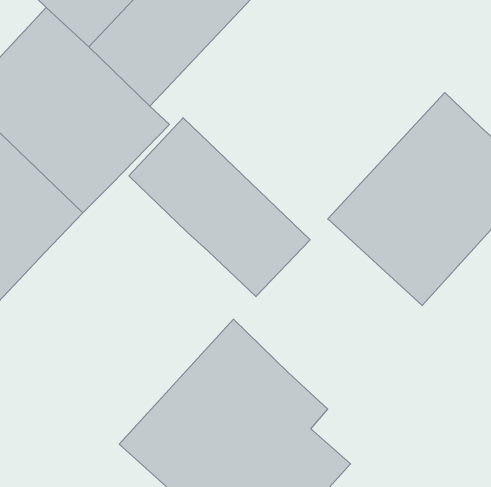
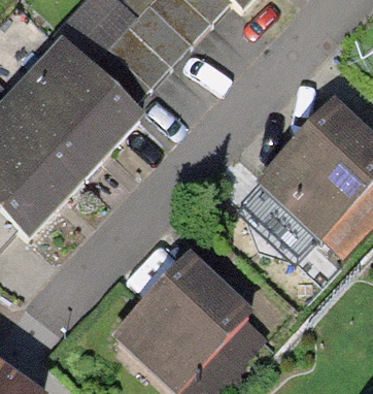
building: [129,118,310,297] -> none

